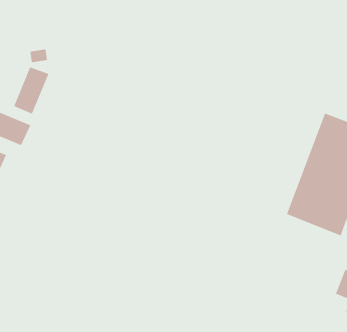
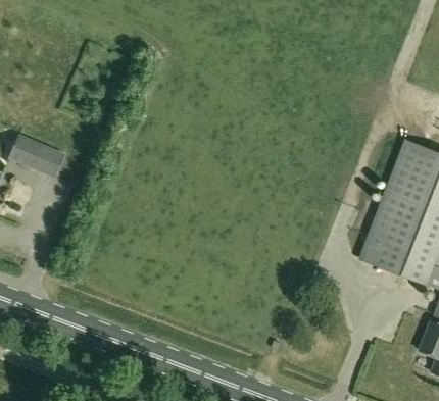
building: [13,66,49,114] -> none

